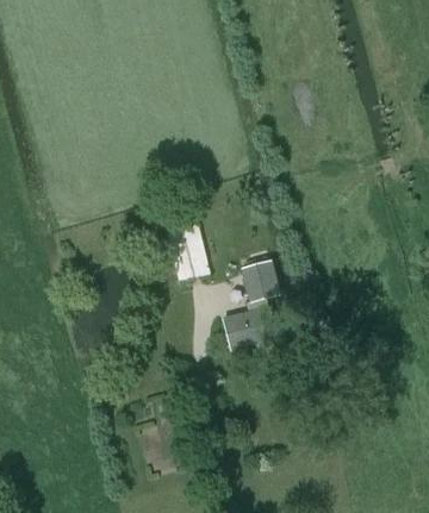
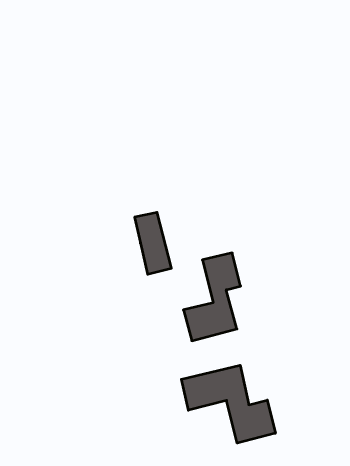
building: none -> [181,365,275,443]

